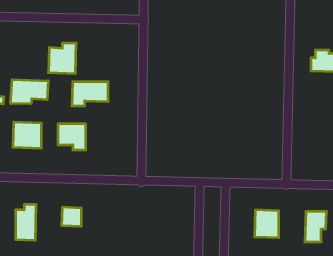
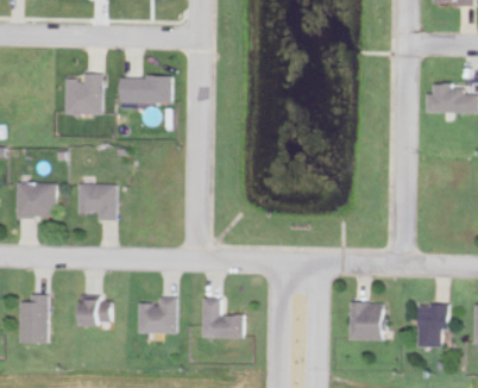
building: [11,80,48,104] -> none
building: [72,82,108,106] -> [122,76,172,109]
building: none -> [202,299,243,338]
building: none -> [136,300,174,334]

